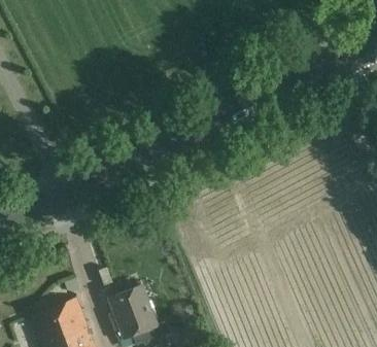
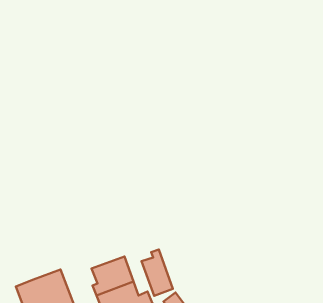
building: none -> [142,250,173,296]

